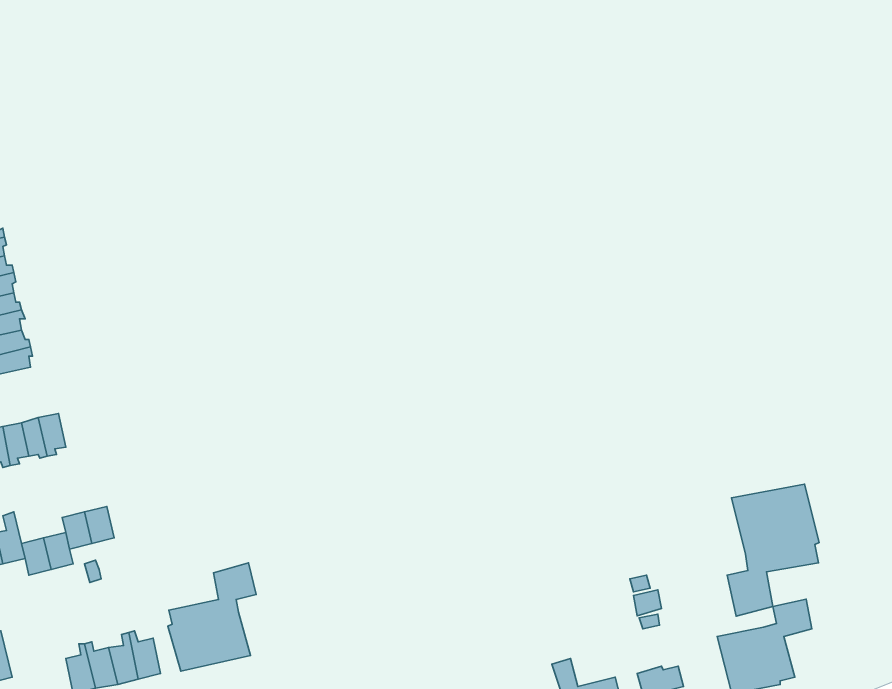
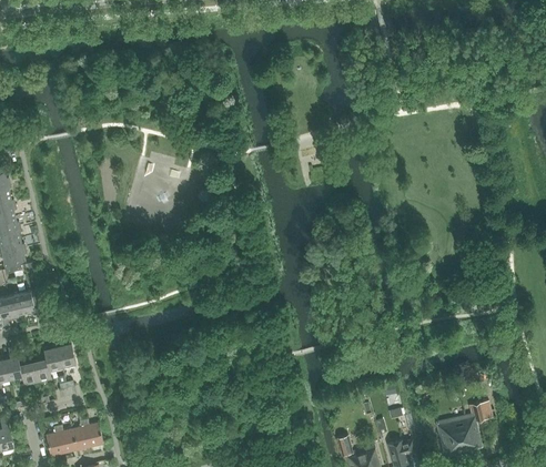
building: [727,484,819,616] -> none
building: [168,563,256,671] -> none

